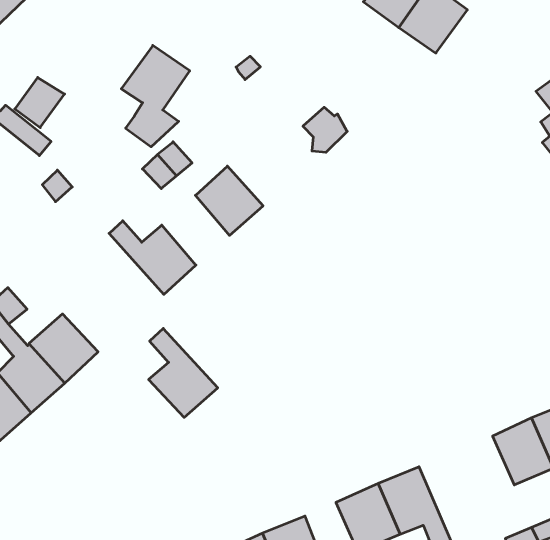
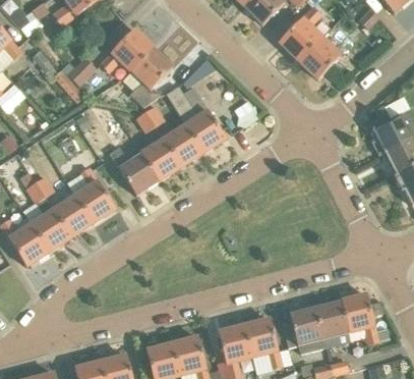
building: none -> [100,29,153,71]
building: none -> [166,85,225,152]
building: none -> [141,140,180,180]
building: [149,328,218,417] -> [75,168,115,222]
building: none -> [289,308,324,354]

